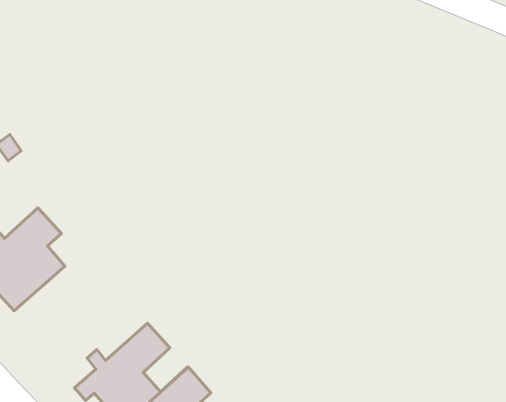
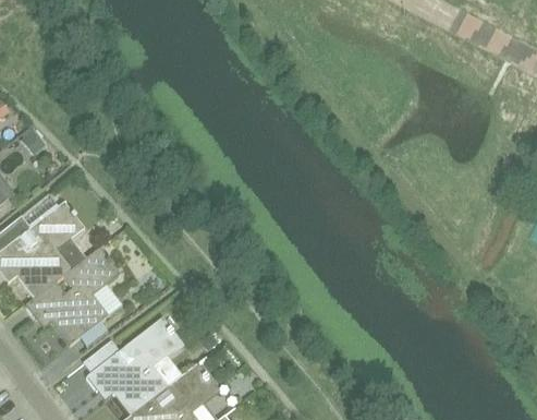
building: none -> [25,248,120,345]

